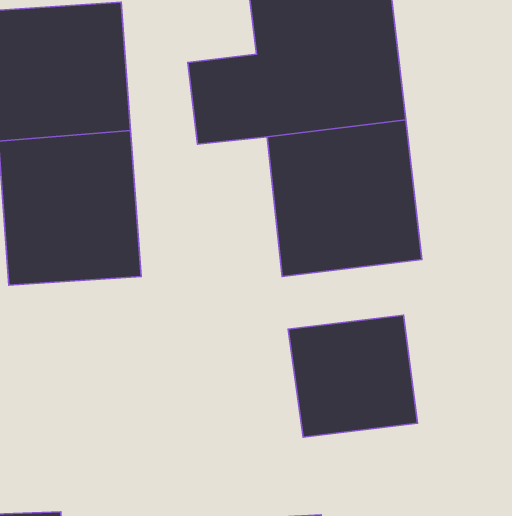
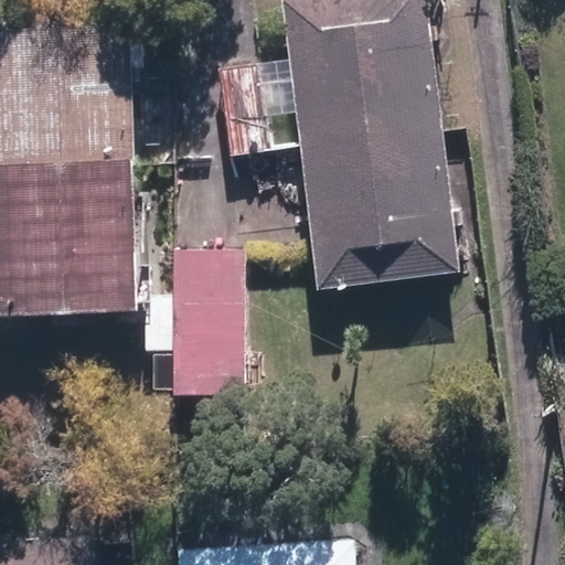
building: none -> [179,244,250,388]
building: [288,315,418,437] -> none

